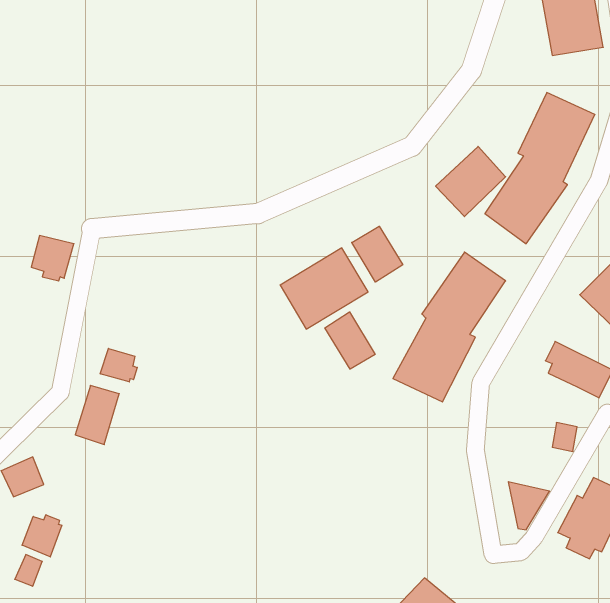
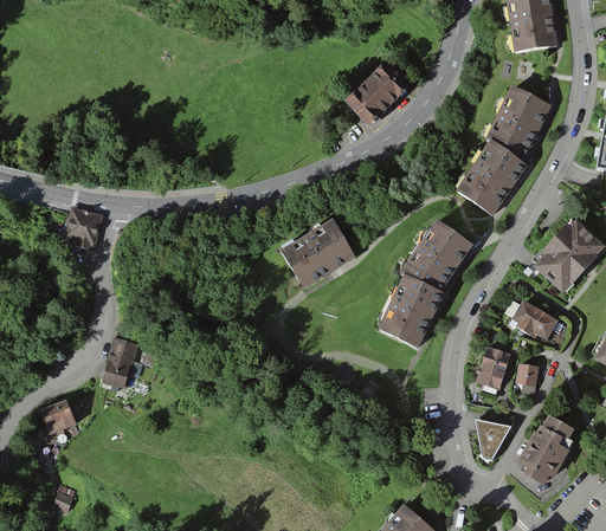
building: [436,146,506,217] -> [344,67,405,128]
building: [352,226,403,282] -> none
building: [325,312,375,369] -> none
building: [100,348,137,382] -> none
building: none -> [471,355,505,395]
building: [22,515,62,557] -> none

